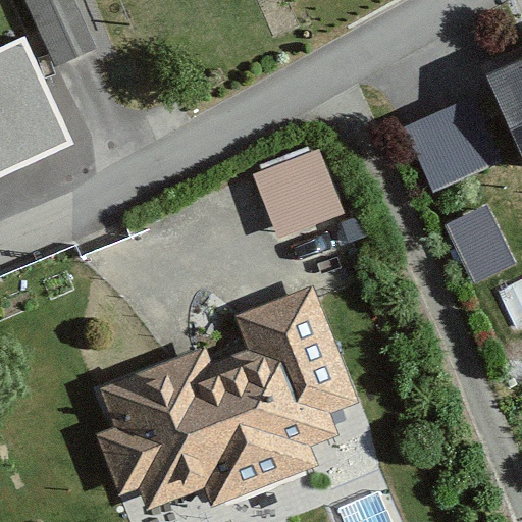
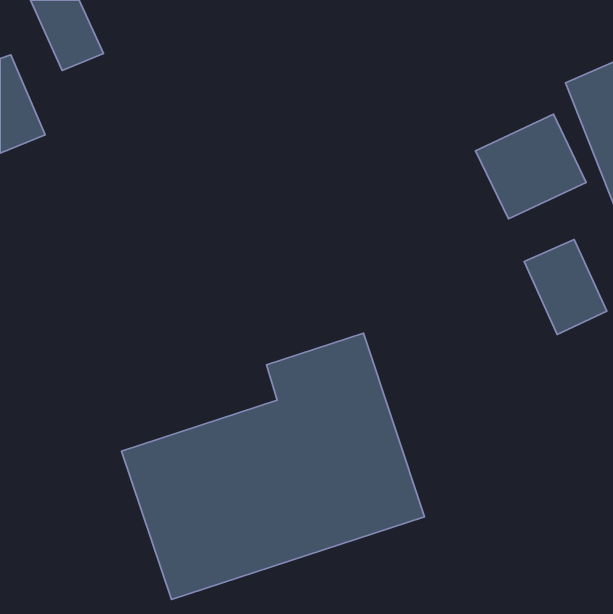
building: [256,153,344,243] -> none

